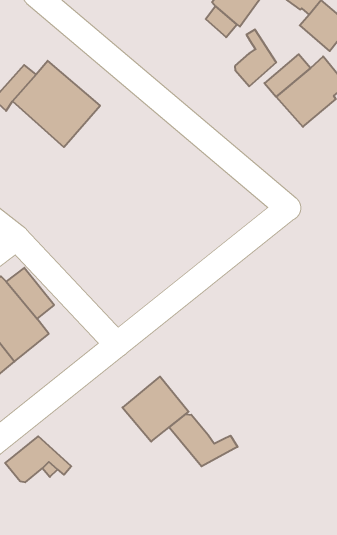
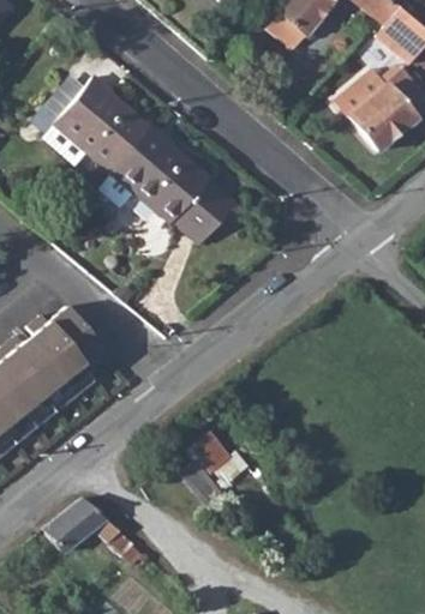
building: [235,29,276,86] -> none
building: none -> [109,126,233,245]
building: [169,414,238,466] -> none

